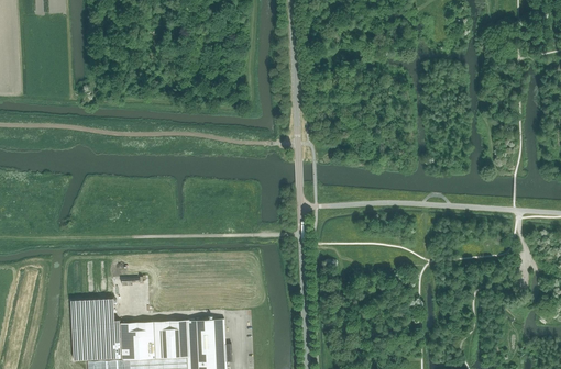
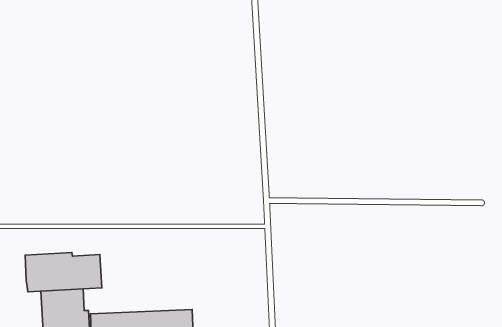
building: none -> [25,253,102,292]

